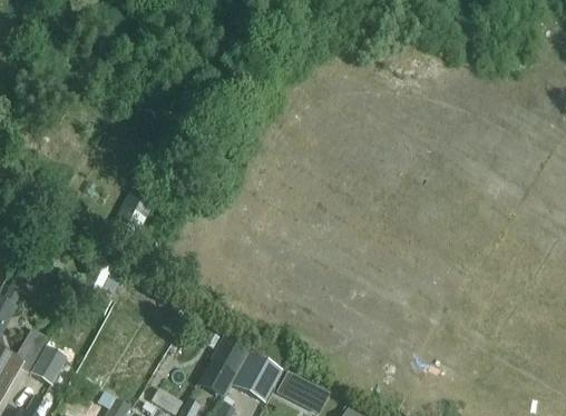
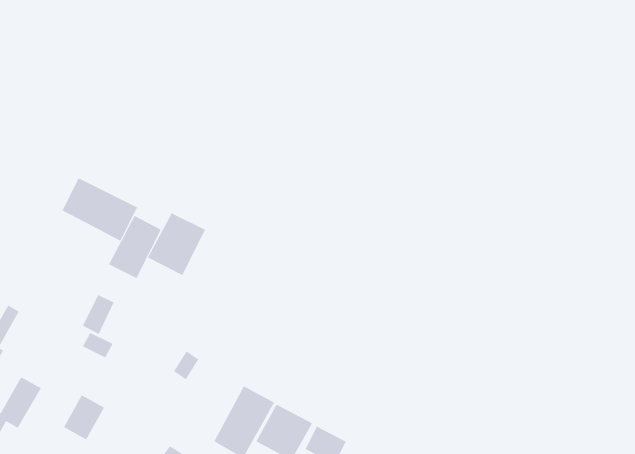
building: none -> [62,177,138,241]
building: none -> [147,212,206,276]
building: [31,346,67,385] -> [63,395,105,440]

